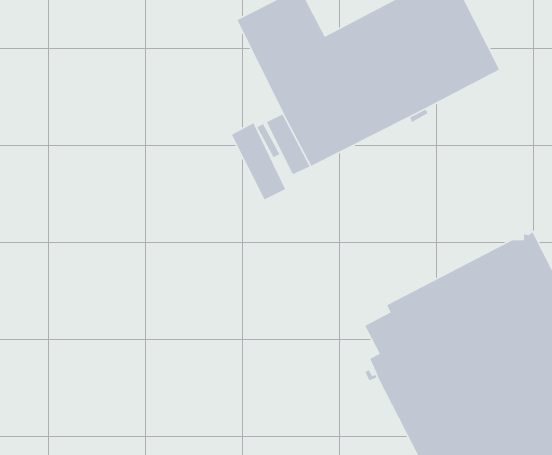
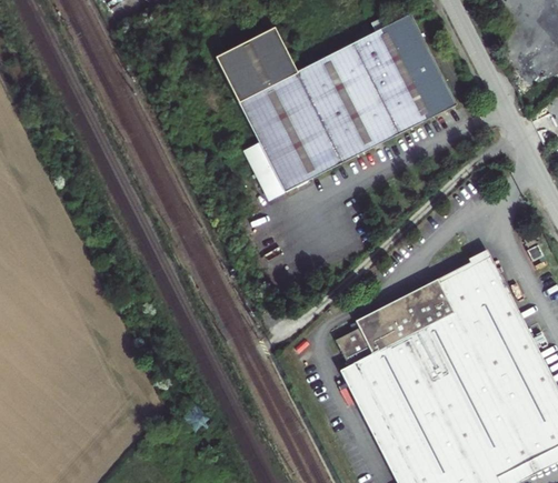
building: [231,122,286,201] -> none

